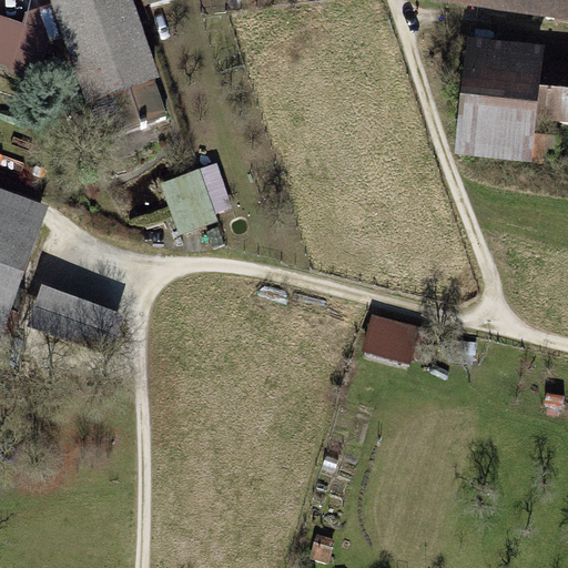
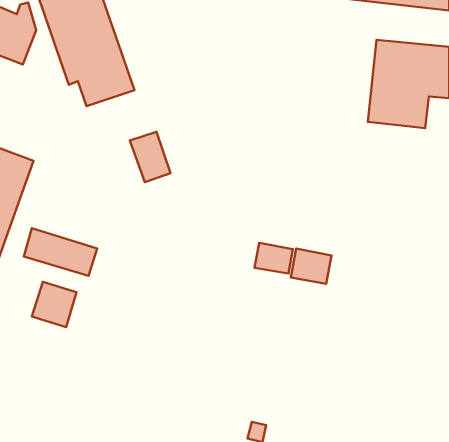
building: none -> [255,243,293,273]
building: none -> [32,282,76,327]

